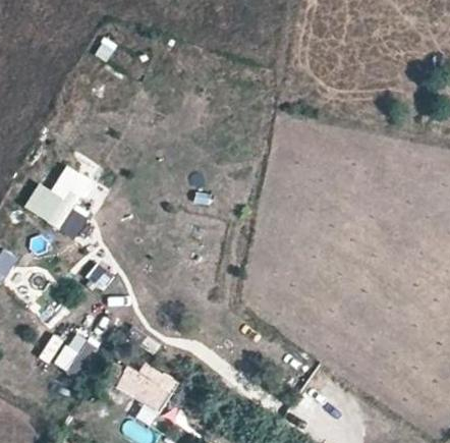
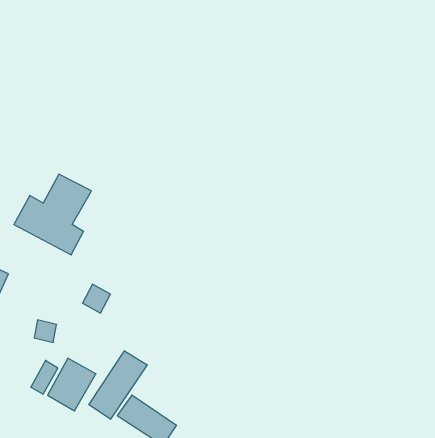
building: none -> [89,351,147,419]

